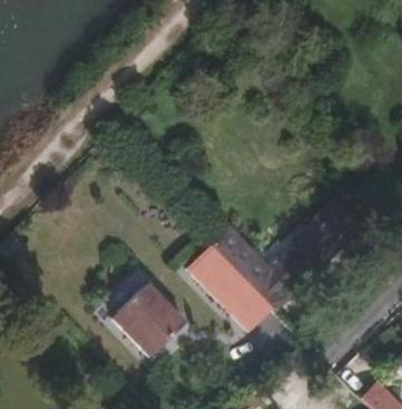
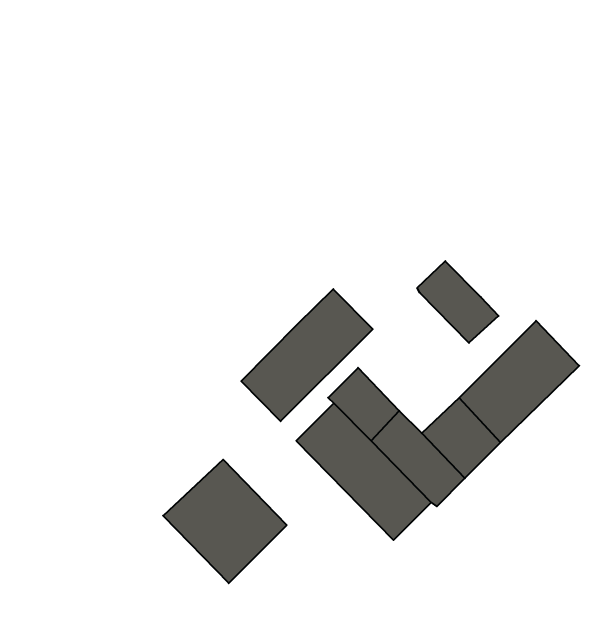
building: none -> [417,261,499,343]
building: none -> [241,289,373,421]

